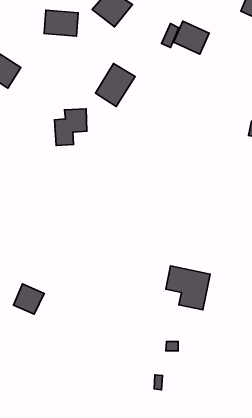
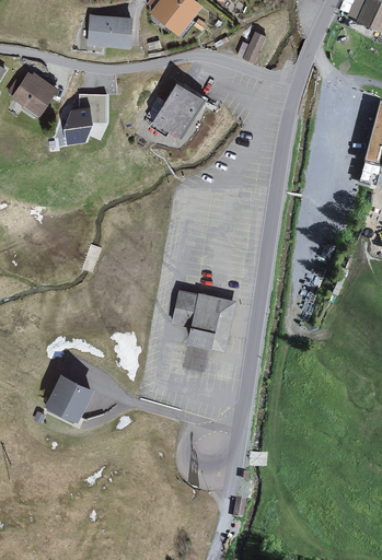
building: [173,21,209,54] -> none
building: [55,109,87,145] -> [63,92,106,140]
building: [166,266,210,310] -> [171,290,230,348]

